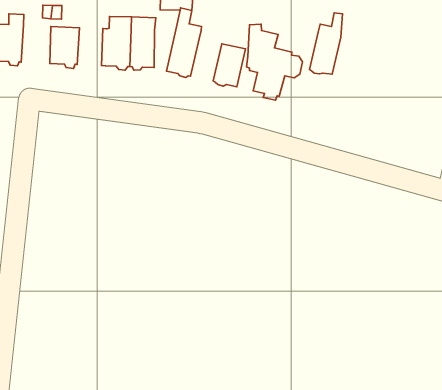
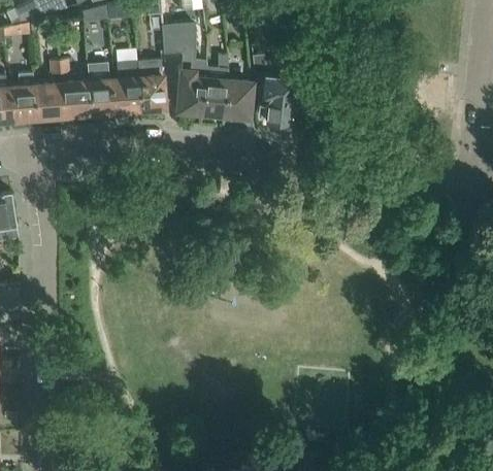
building: [309,13,343,74] -> [201,55,228,115]
building: none -> [87,63,113,117]
building: none -> [33,80,63,122]

